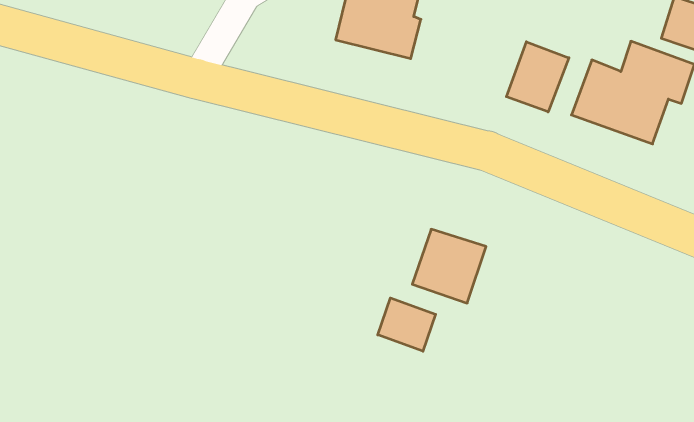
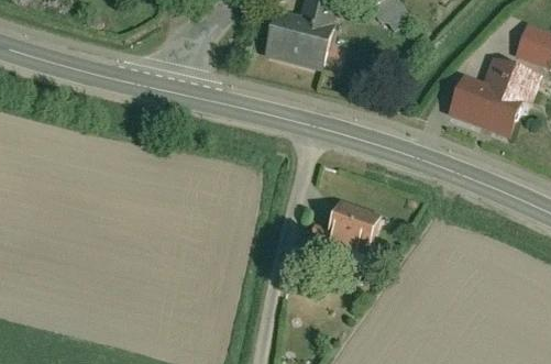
building: [506,42,569,112] -> none
building: [378,298,436,351] -> none

